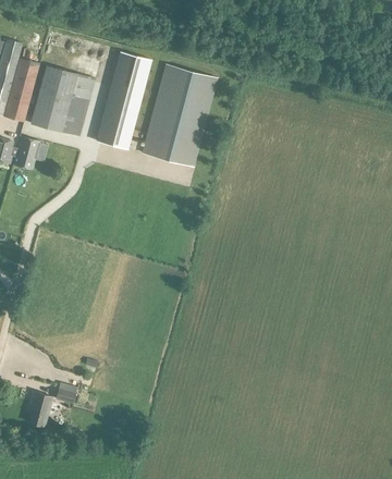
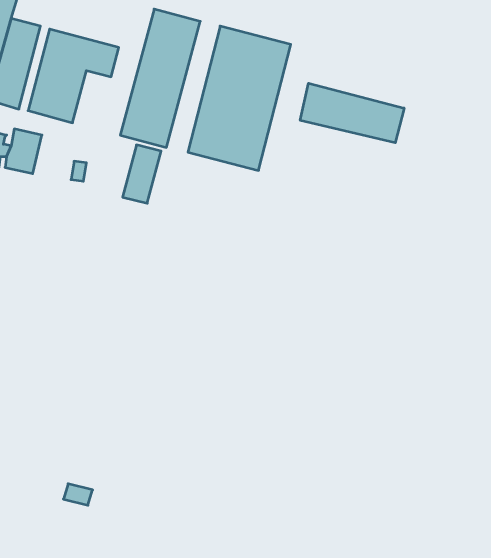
building: [61,95,88,136] -> [123,145,161,203]
building: none -> [300,83,404,143]
building: [27,391,52,427] -> none

